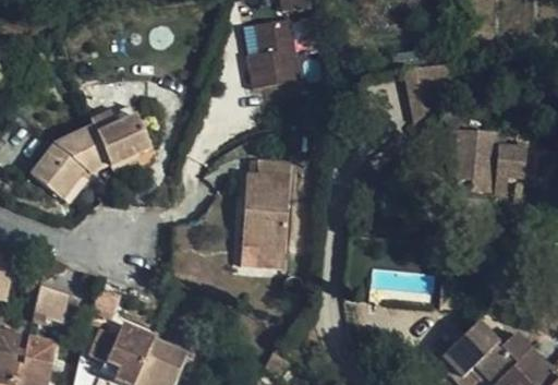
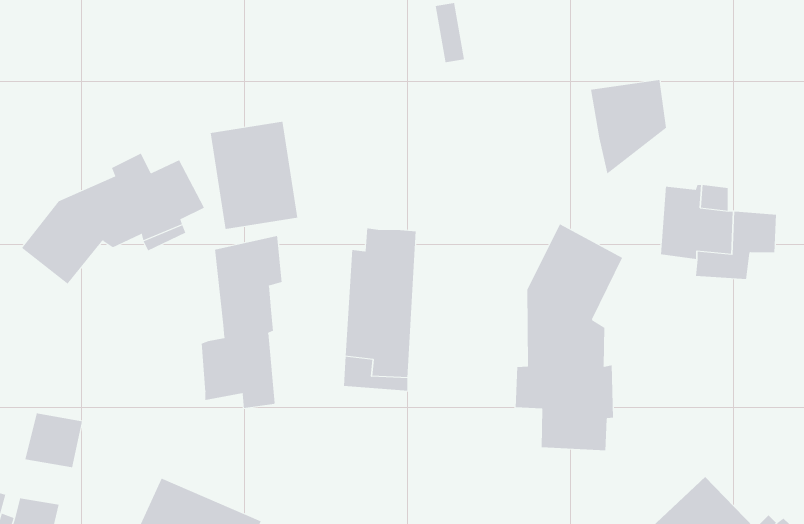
building: [242,15,300,86] -> [210,121,298,230]
building: none -> [515,224,623,451]
building: none -> [201,235,282,409]

